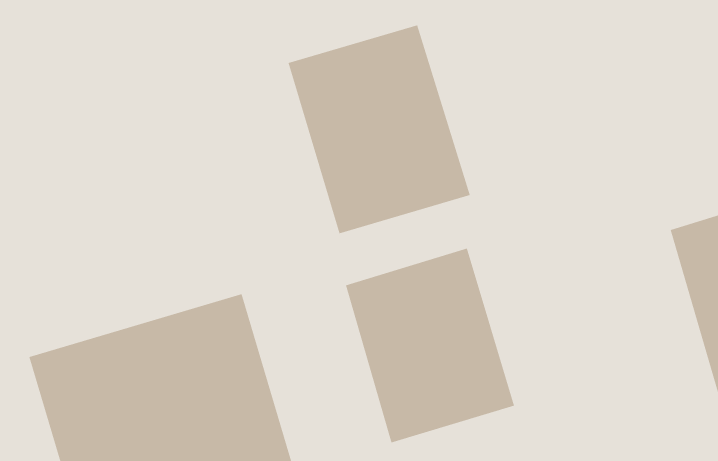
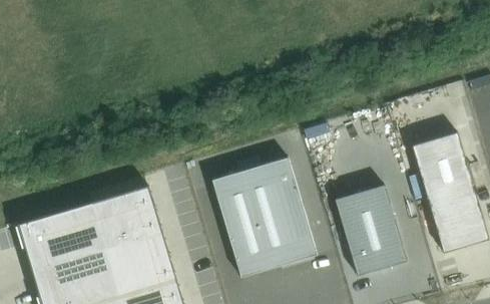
building: [288,25,471,234] -> none
building: none -> [335,186,407,276]

